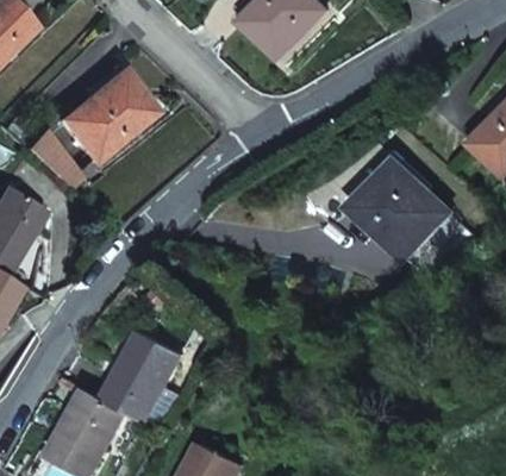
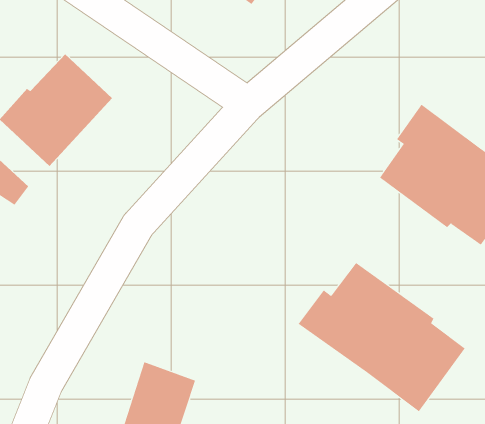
building: none -> [298,262,466,412]

